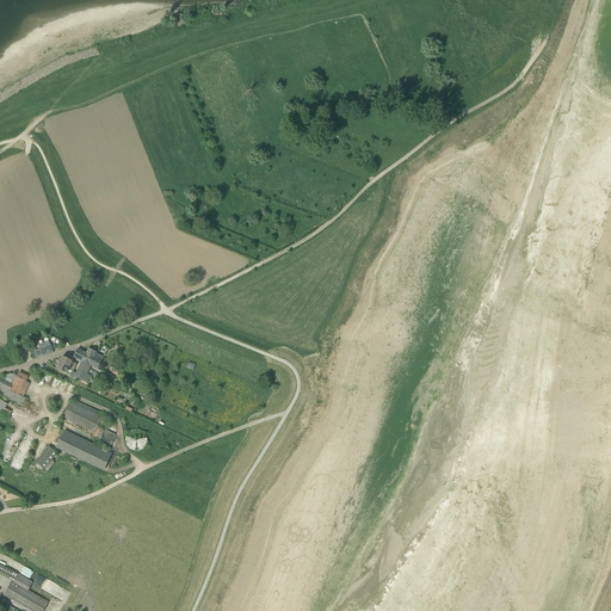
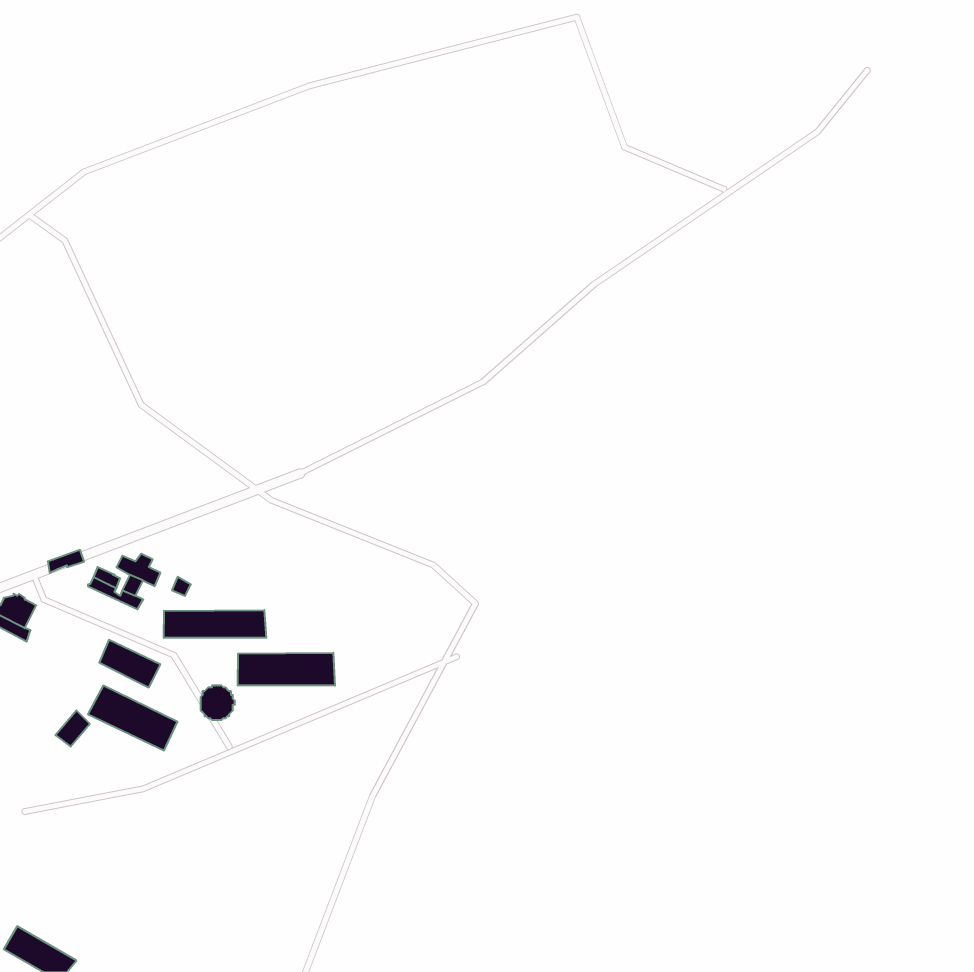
building: none -> [164,610,266,638]
building: none -> [238,653,335,686]

